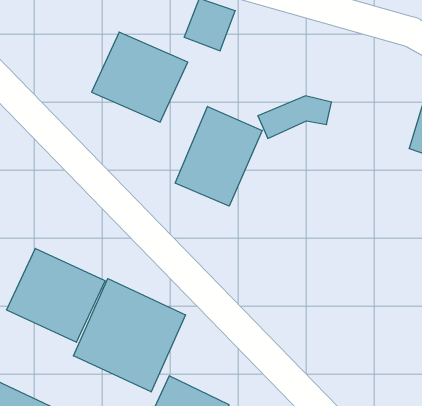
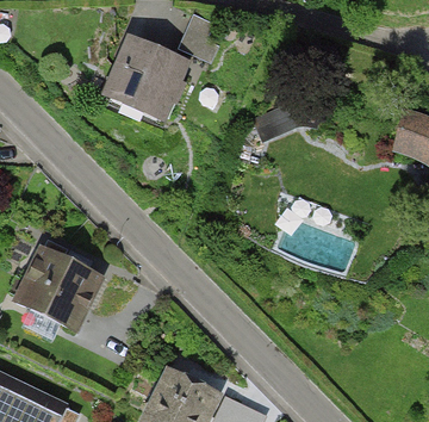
building: [175,106,262,206] -> none
building: [73,279,185,392] -> none

